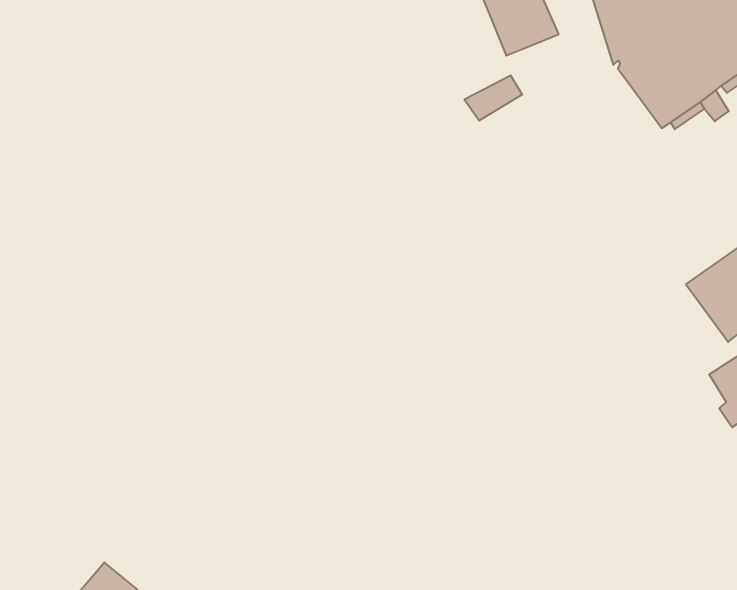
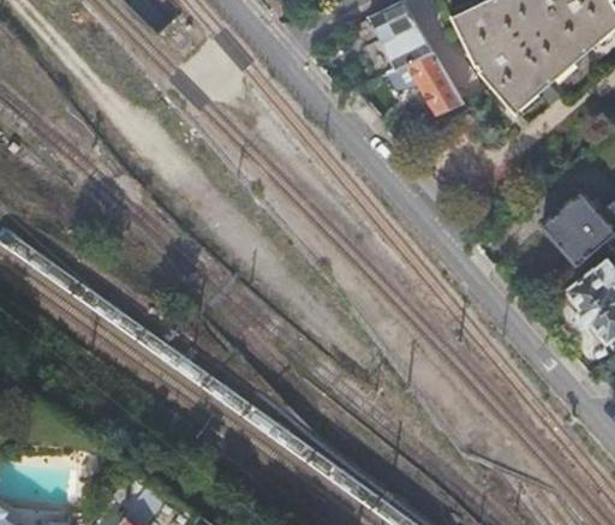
building: none -> [407,52,462,117]

